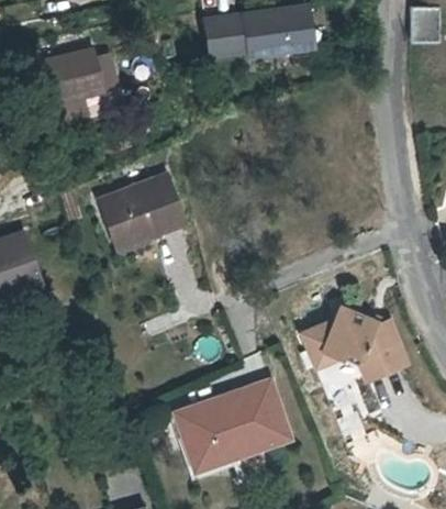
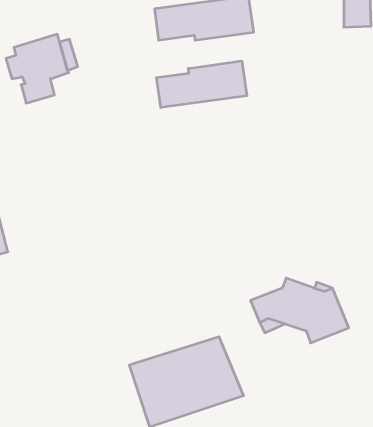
building: none -> [156,61,247,108]
building: [99,177,183,252] -> none

